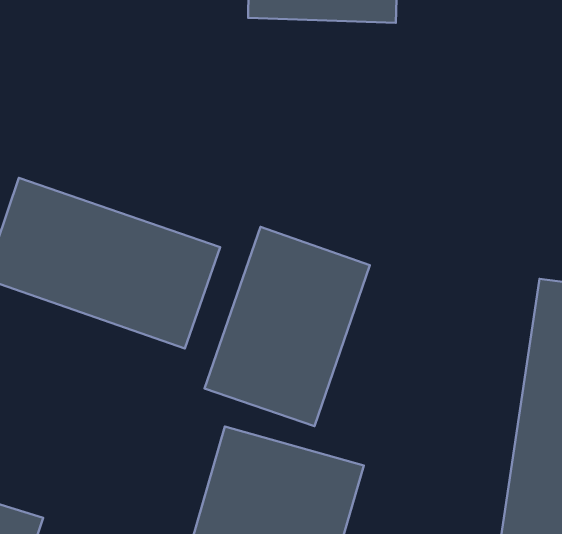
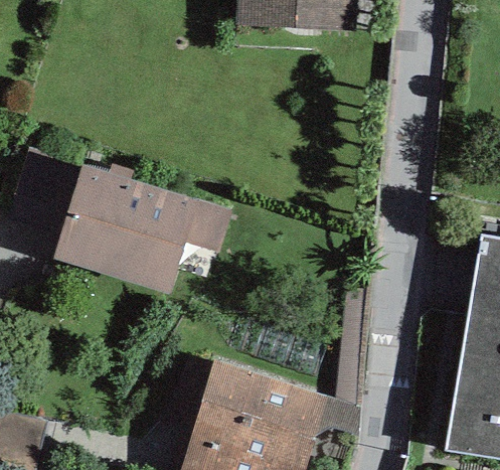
building: [205,227,370,426] -> none

